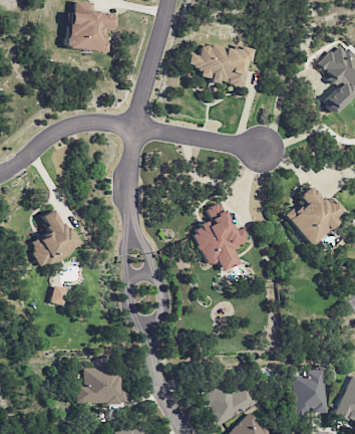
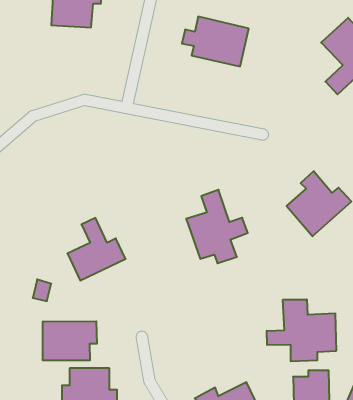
building: [29,209,83,267] -> [67,218,126,281]
building: none -> [267,299,336,361]
building: none -> [43,321,97,360]

